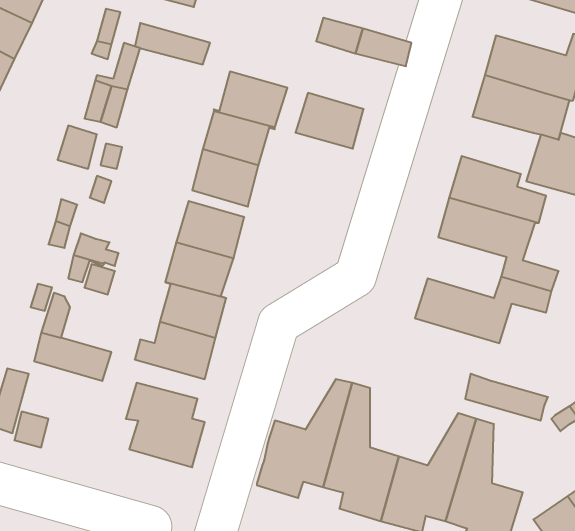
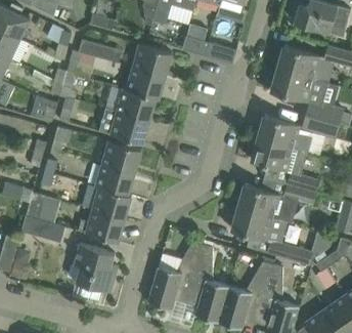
building: [295,93,364,149] -> [133,44,172,76]
building: none -> [232,207,287,243]

